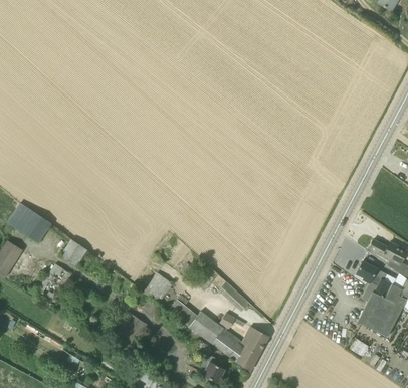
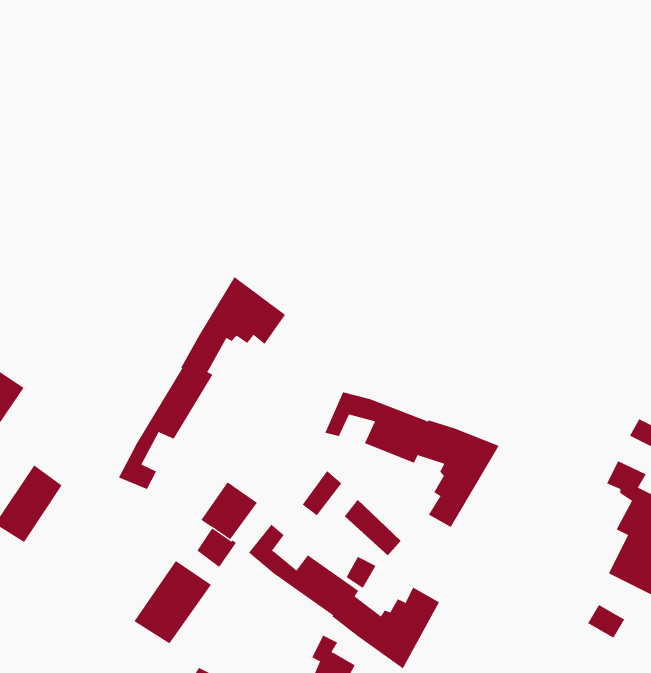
building: none -> [118,276,286,490]
building: none -> [324,391,500,528]
building: [60,239,87,266] -> none

